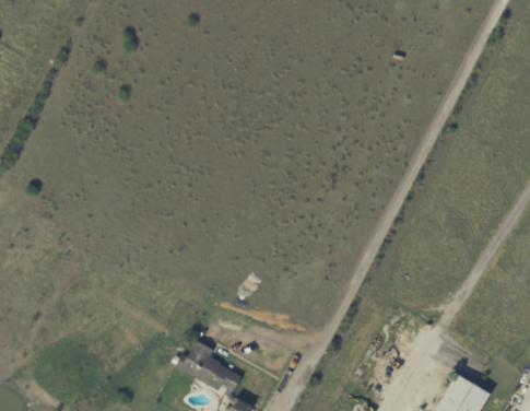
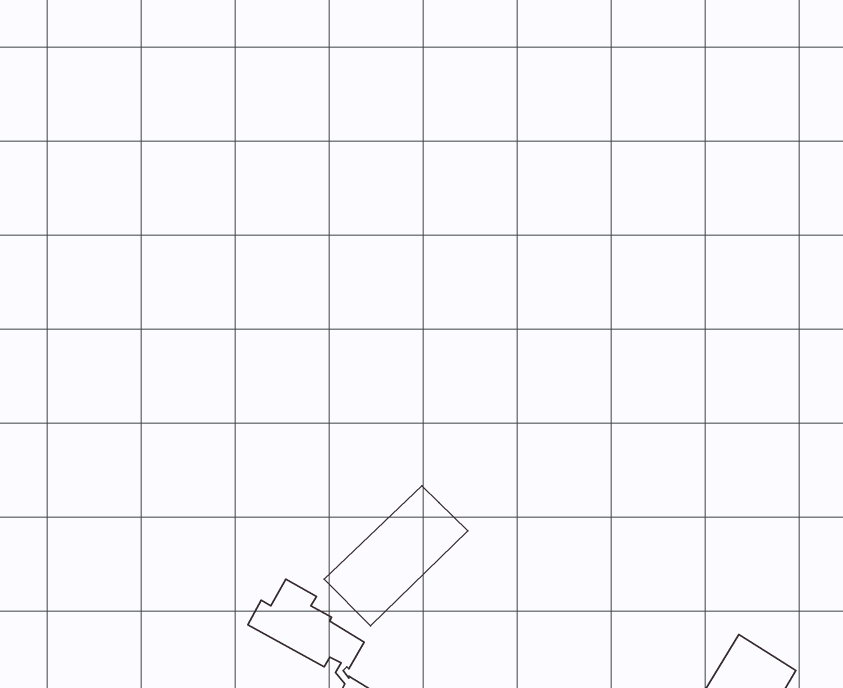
building: none -> [324,486,468,626]

